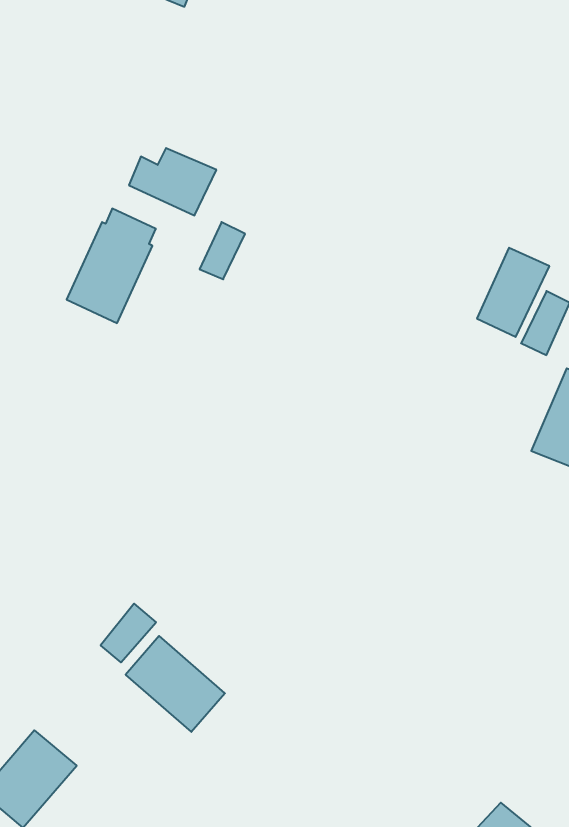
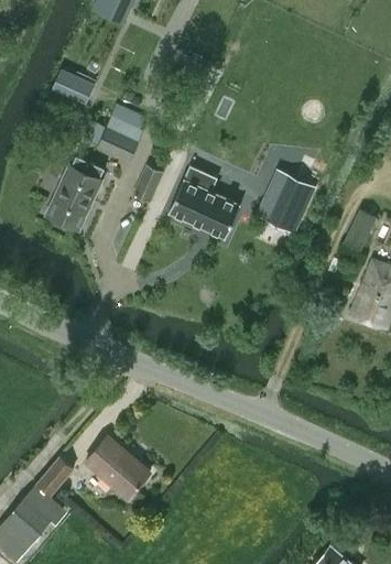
building: none -> [53,72,94,105]
building: none -> [167,166,239,238]
building: [477,248,549,337] -> [268,175,315,234]
building: [101,604,156,662] -> [36,457,73,496]

